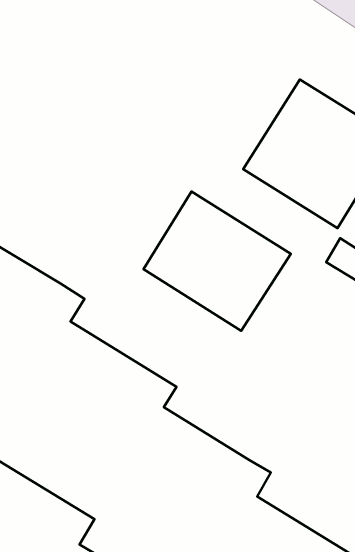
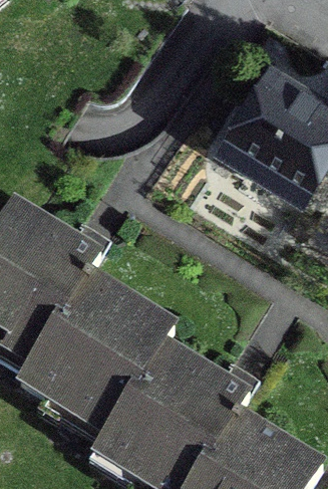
building: [143,191,291,331] -> none

